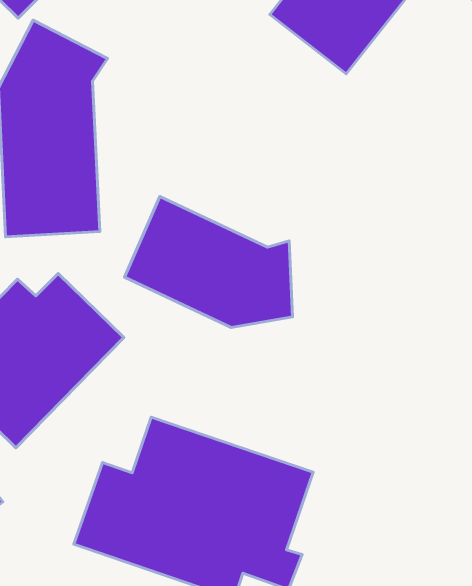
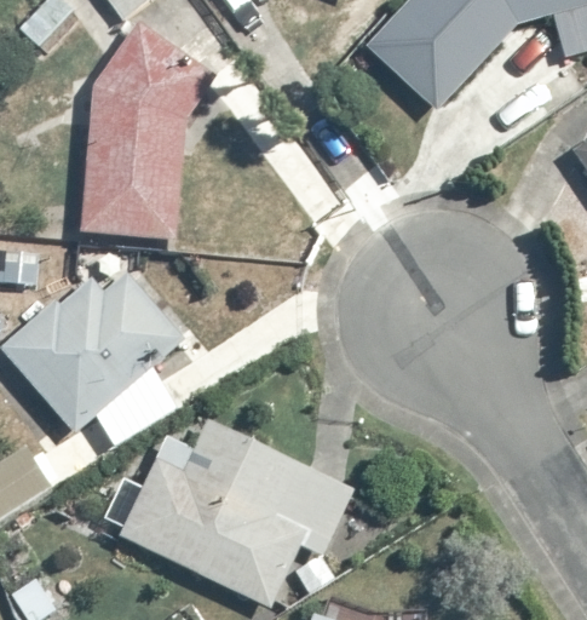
building: [124,197,293,328] -> none

